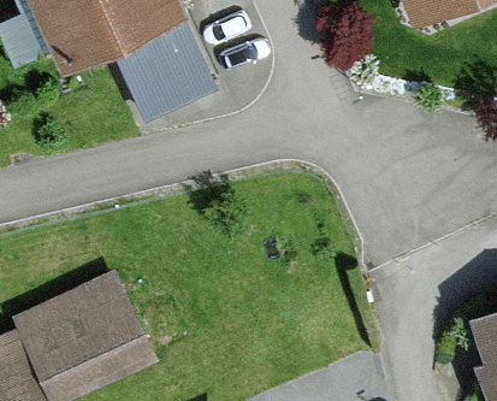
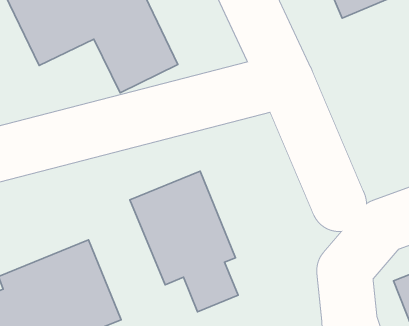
building: none -> [130,171,238,312]

